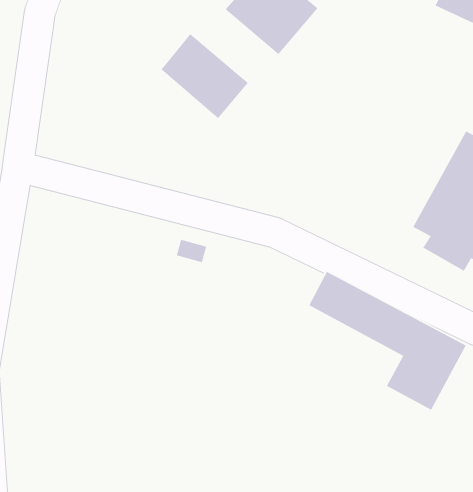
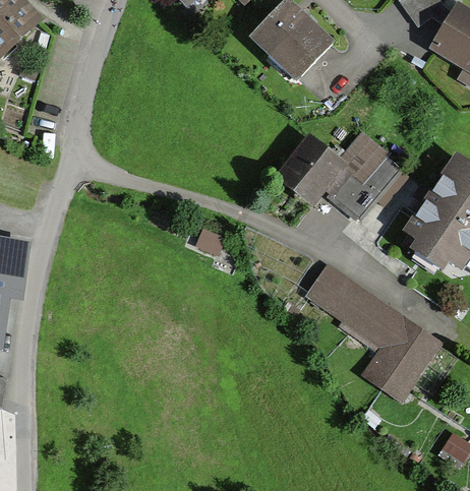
building: [161,33,249,119] -> none
building: none -> [282,138,398,218]

